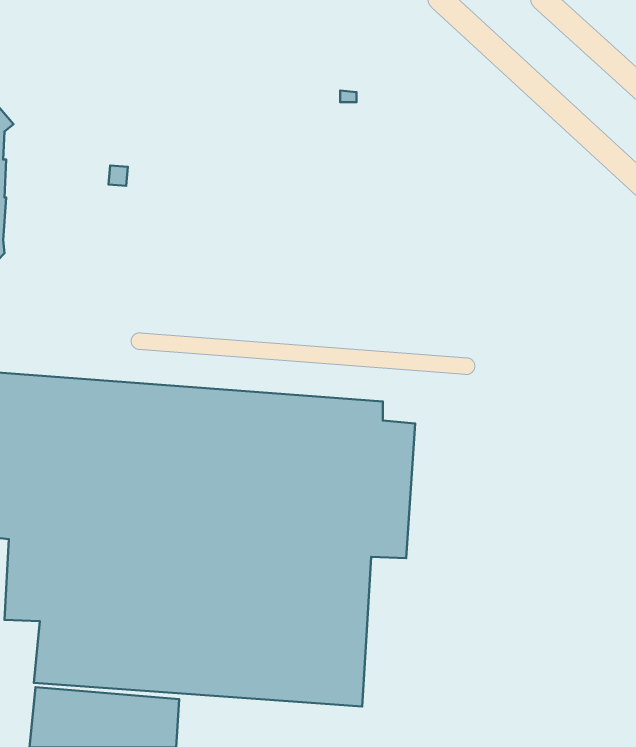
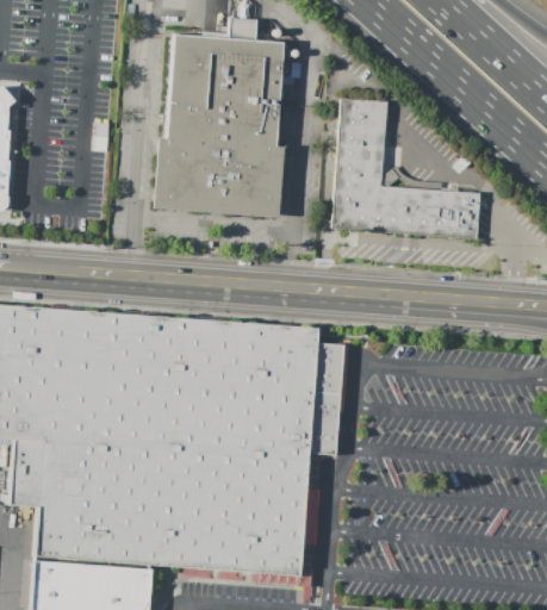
building: none -> [151,17,285,218]
building: none -> [332,99,478,238]

